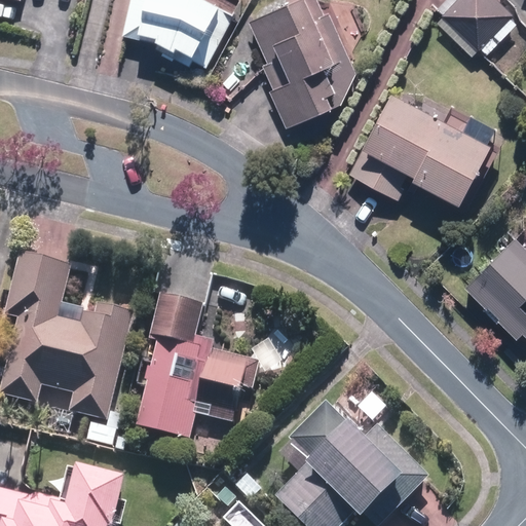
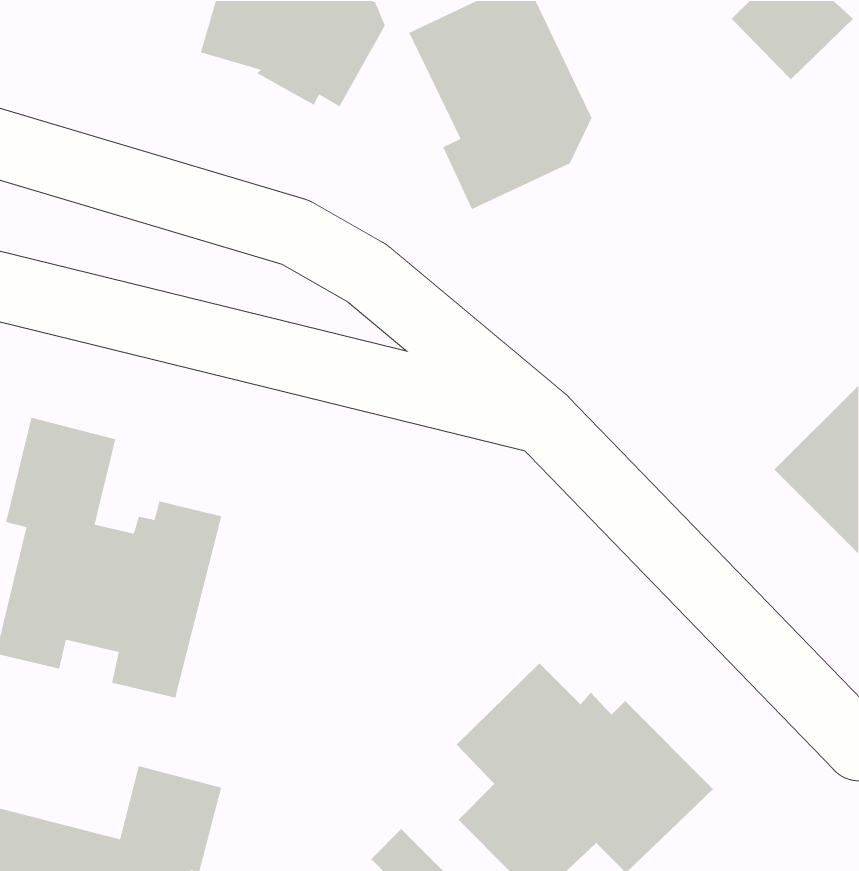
building: [348,87,498,199] -> none
building: [135,293,257,440] -> none

